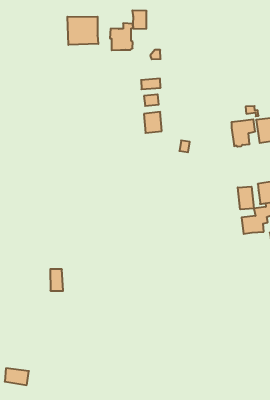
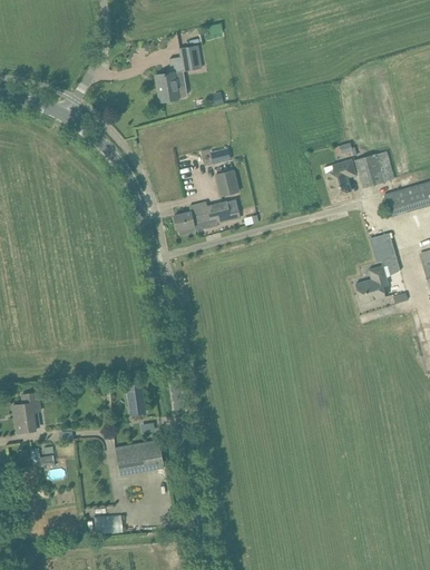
building: [67,17,98,45] -> none
building: none -> [174,198,240,234]
building: [238,187,254,209] -> none
building: none -> [115,440,164,474]

